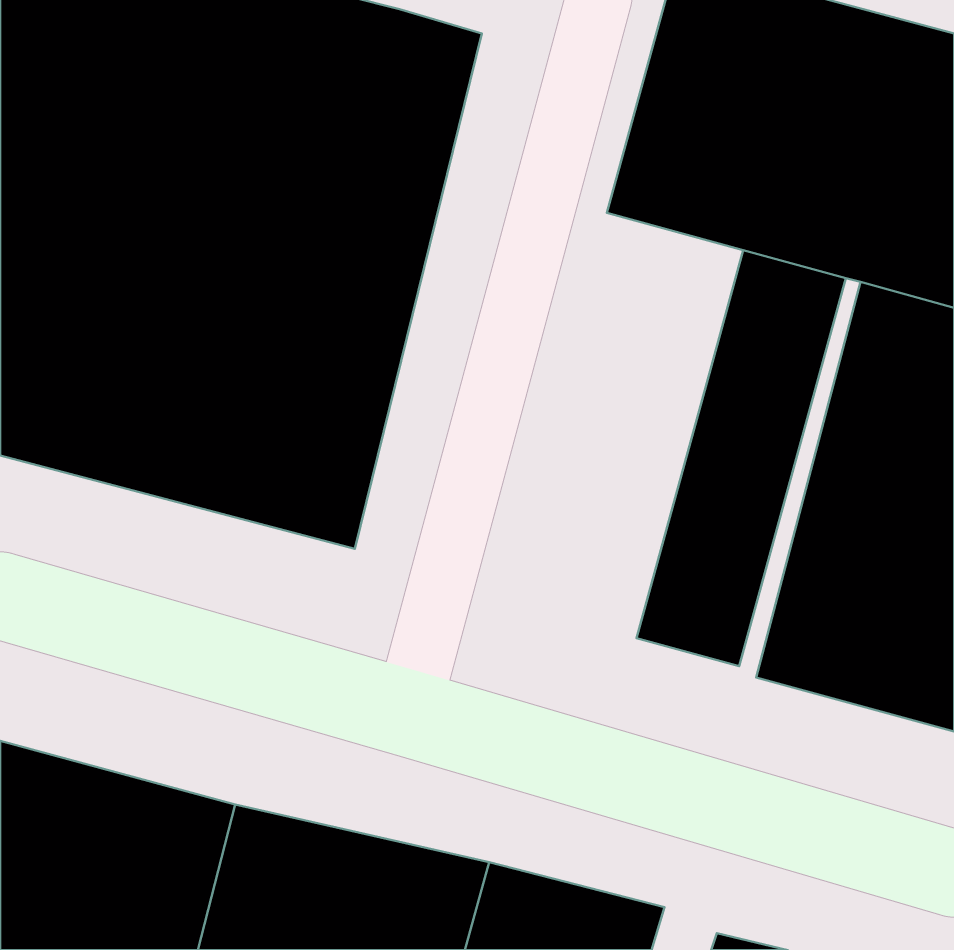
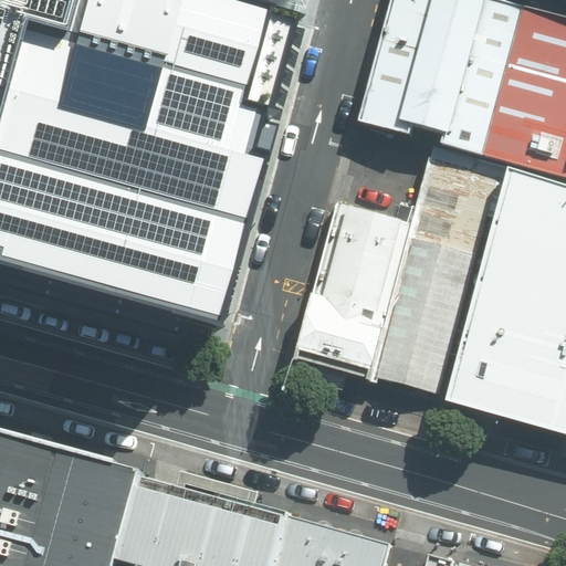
building: none -> [291,206,418,378]

